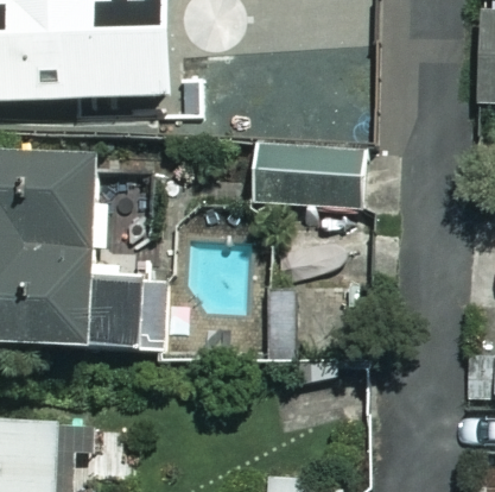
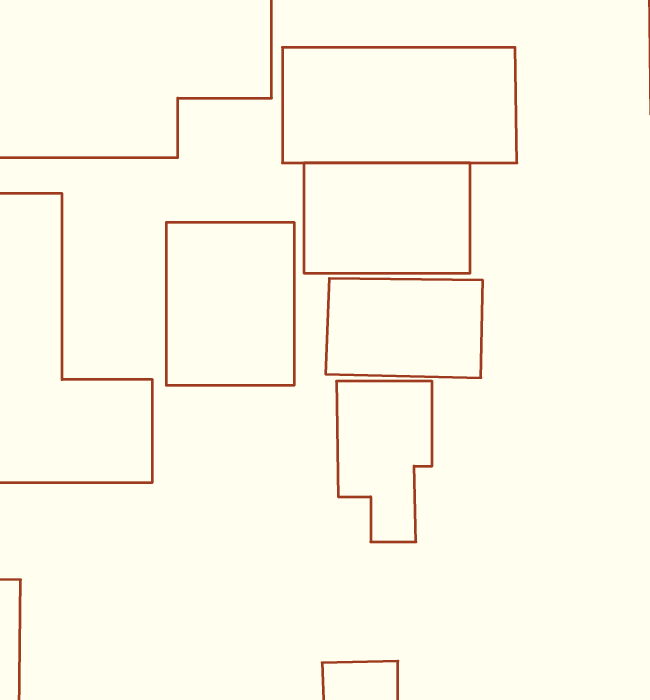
building: none -> [166,222,294,385]

